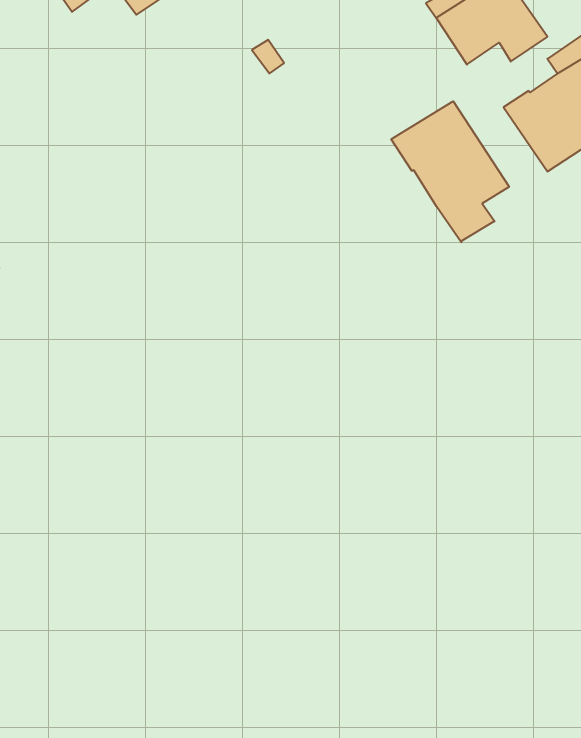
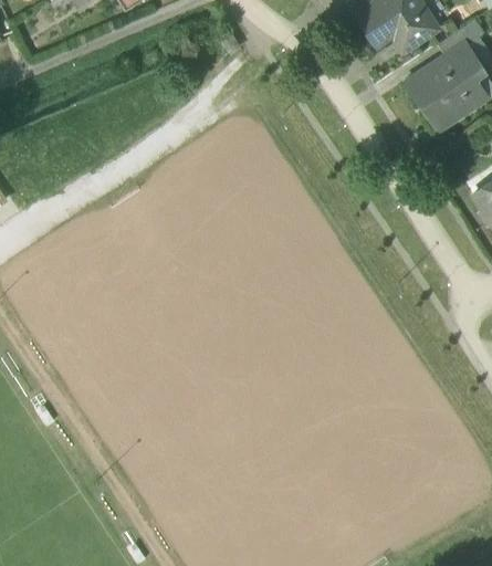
building: [391,101,509,242] -> none

